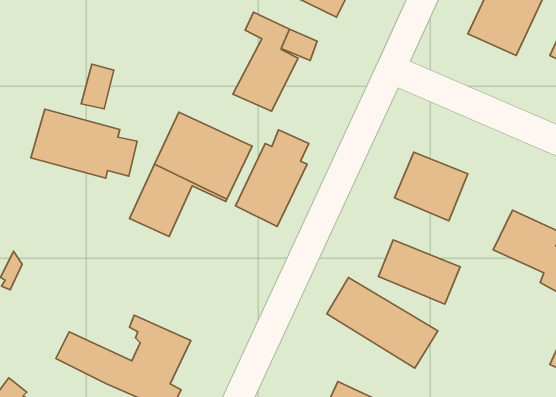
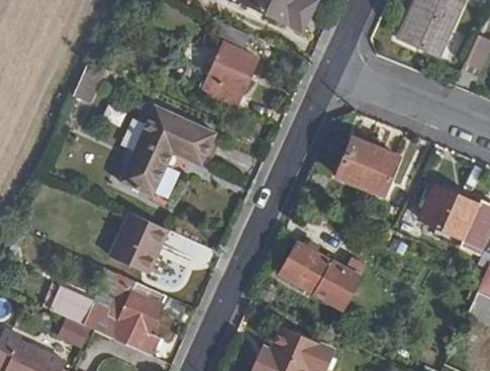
building: [31,109,137,178] -> none
building: [236,130,309,227] -> none
building: [379,240,460,304] -> none
building: none -> [111,211,168,271]

